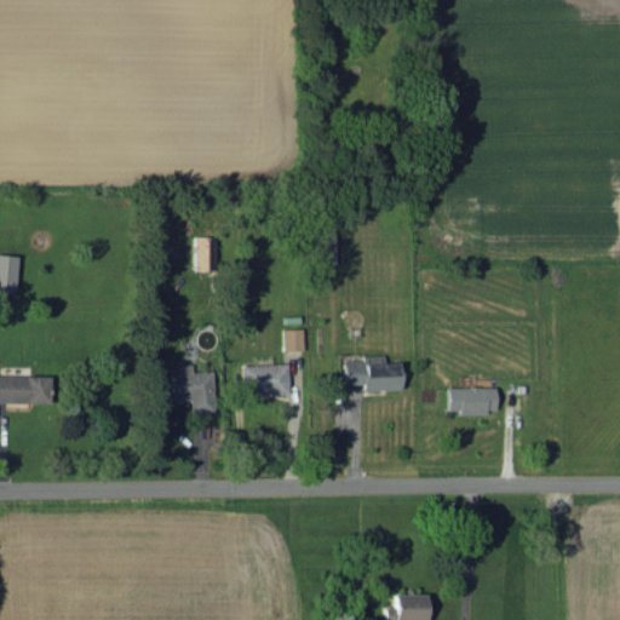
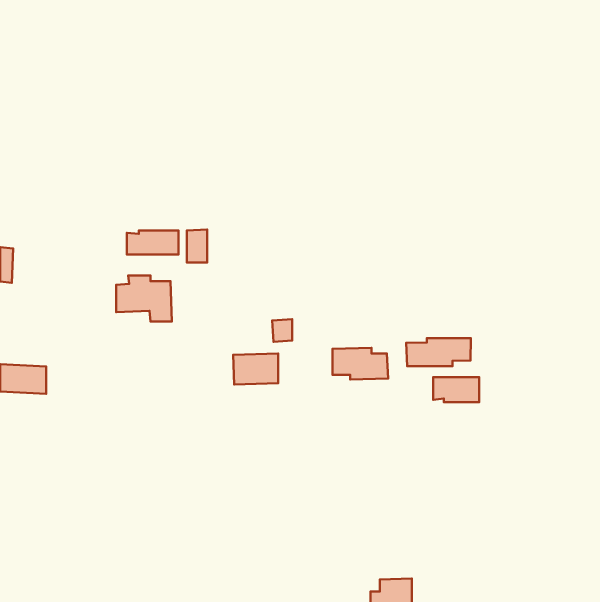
building: none -> [127,230,179,255]
building: none -> [406,338,471,366]
building: [159,366,216,413] -> [116,275,172,322]

